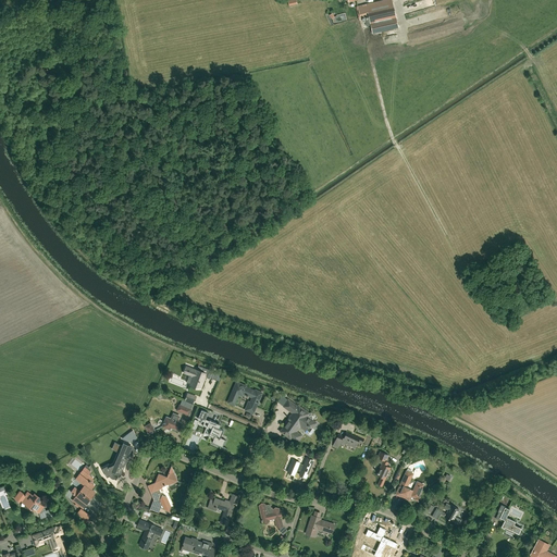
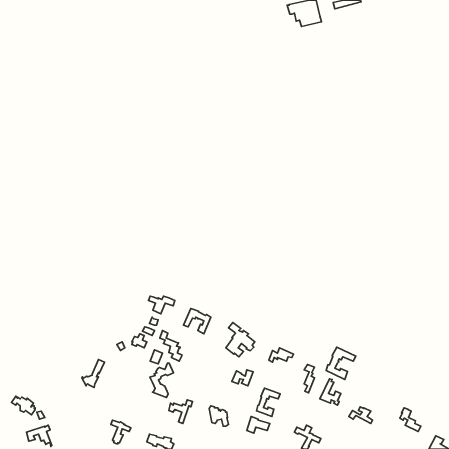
building: none -> [326,347,356,379]
building: [73,469,96,508] -> none
building: [148,469,177,511] -> [150,363,174,397]
building: none -> [256,388,280,417]

